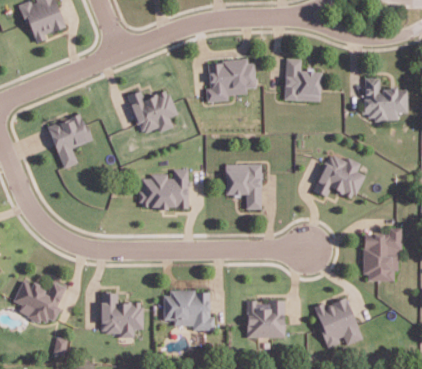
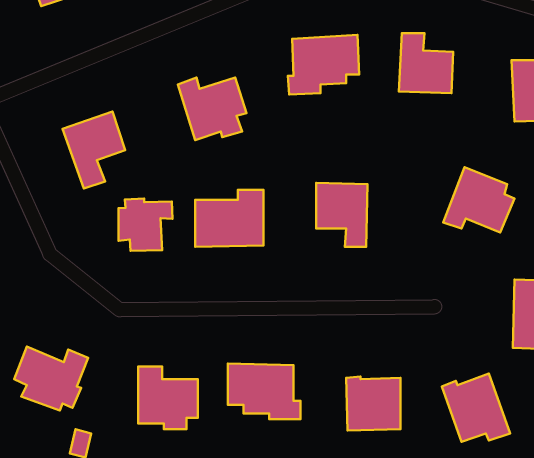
building: none -> [118,198,173,251]

